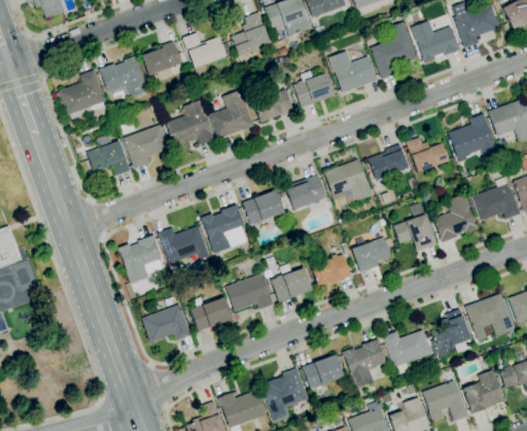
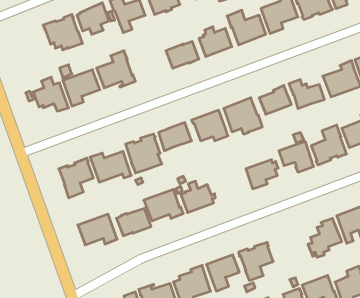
building: [59,70,106,119] -> none
building: [209,89,254,139] -> none
building: [310,254,351,287] -> none
building: [383,330,431,375] -> none

